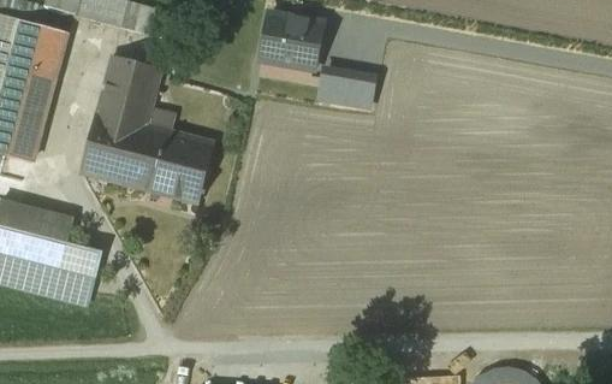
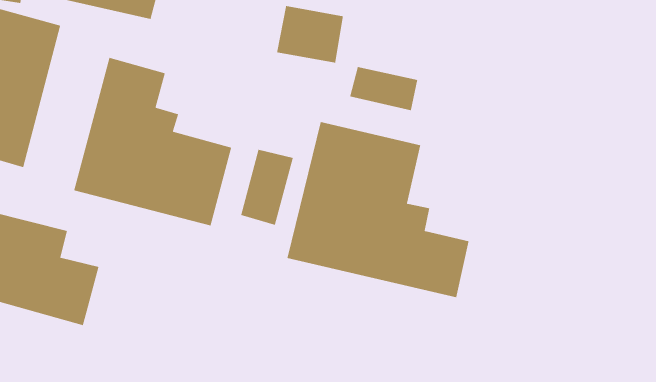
building: none -> [287,121,469,298]
building: none -> [240,149,294,226]

